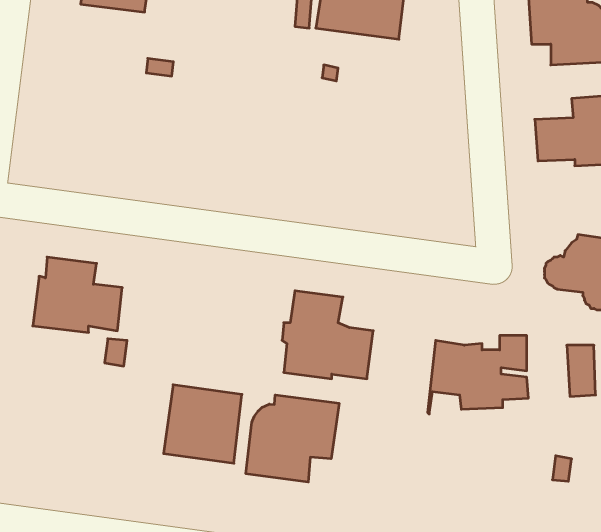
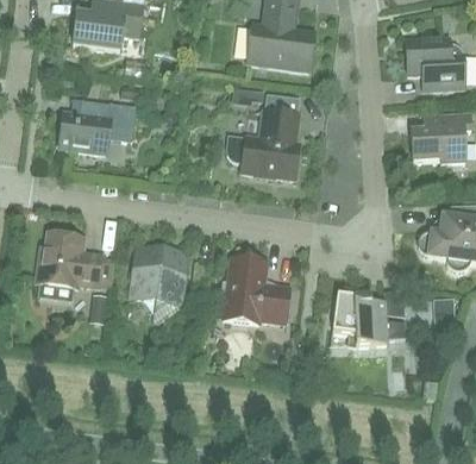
building: none -> [60,99,137,152]
building: none -> [227,108,300,177]
building: [164,385,242,463] -> [130,243,188,301]
building: [246,395,339,482] -> none

